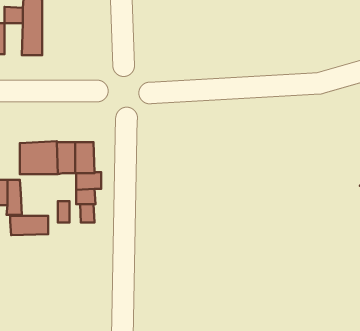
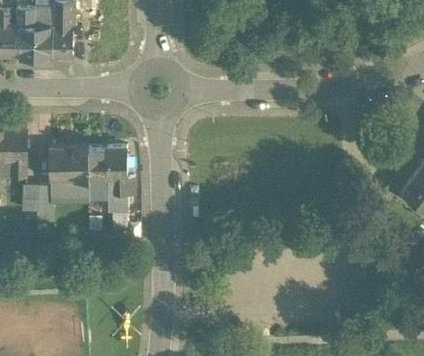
building: none -> [33,25,52,58]
building: [10,216,48,235] -> [49,181,88,201]

